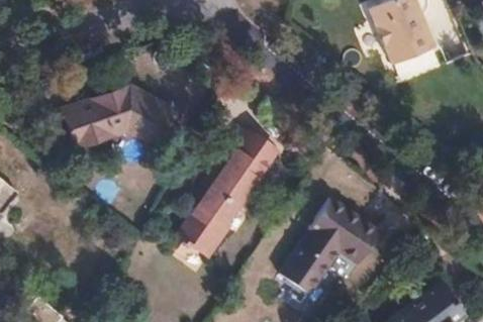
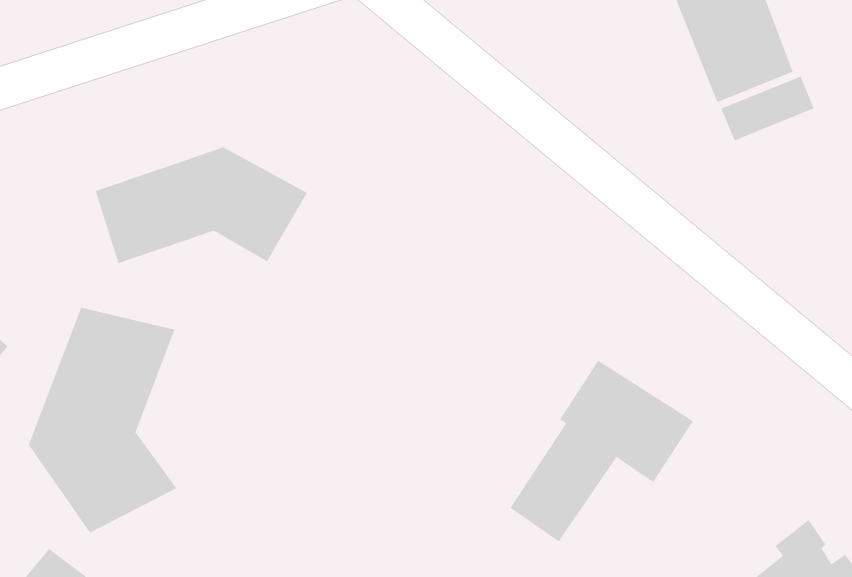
building: [179,121,278,253] -> none
building: none -> [28,307,177,533]

